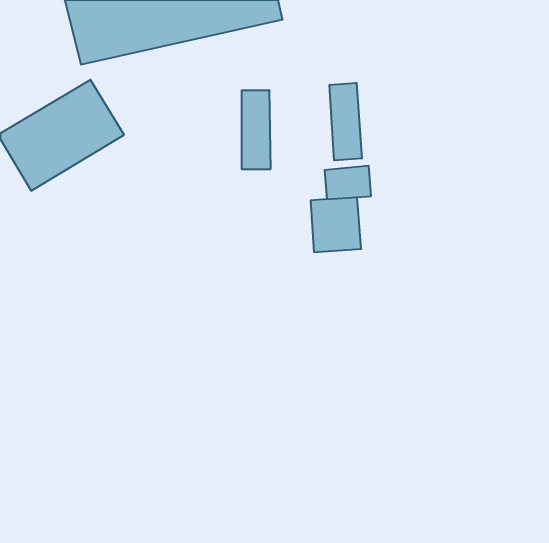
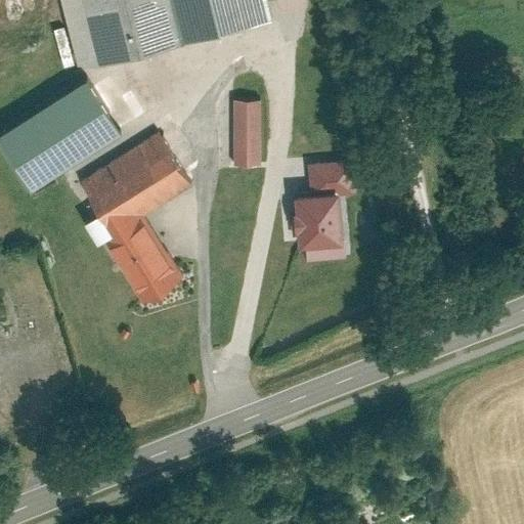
building: [330,83,362,160] -> none
building: none -> [79,130,192,304]

